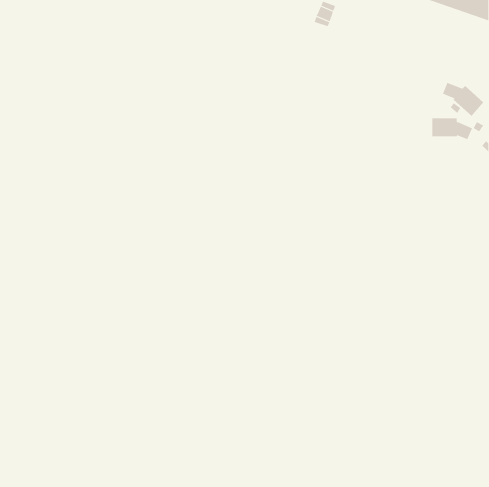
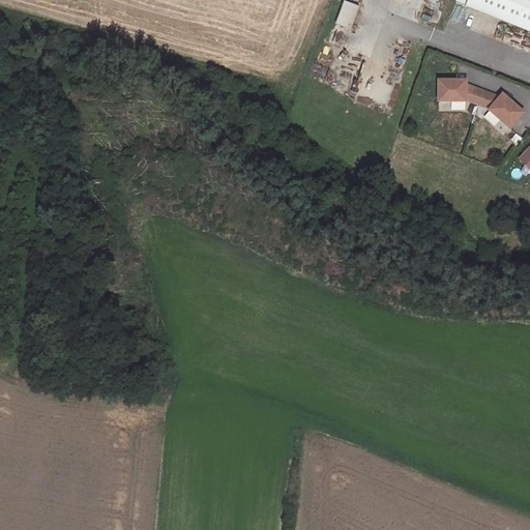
building: [432,118,473,140] -> [439,78,483,101]

